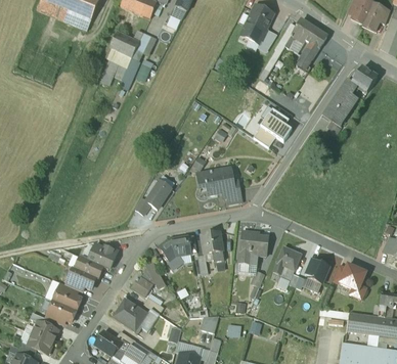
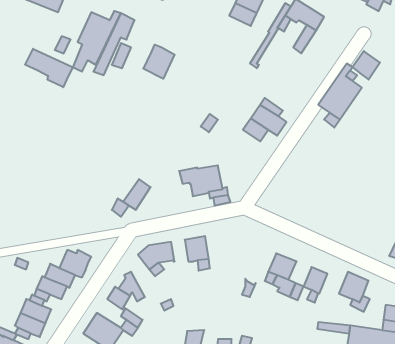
building: none -> [143,45,175,79]
building: none -> [25,49,73,87]
building: [238,230,268,263] -> none

